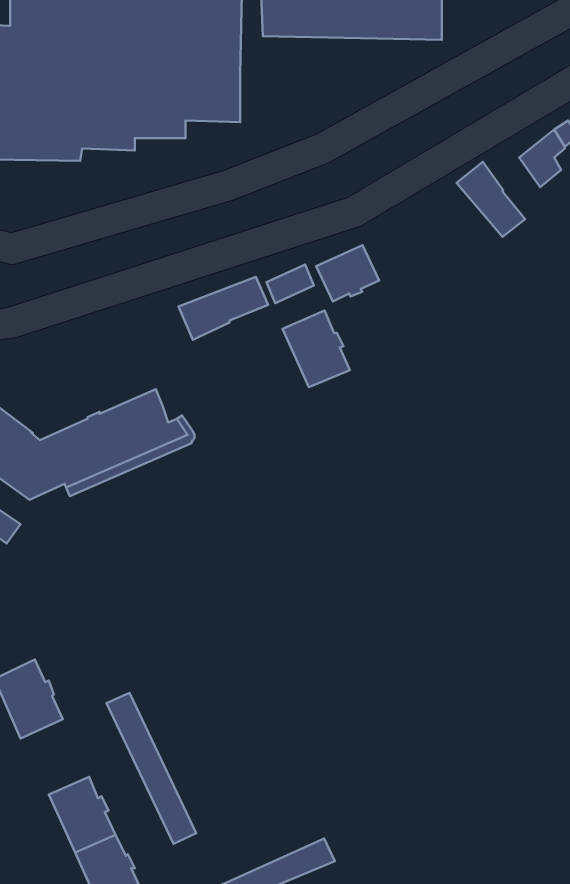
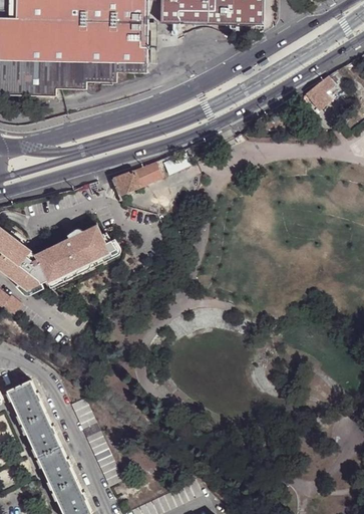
building: [457,162,525,237] -> none
building: [316,245,379,302] -> none
building: [282,310,350,387] -> none
building: none -> [21,414,60,457]

